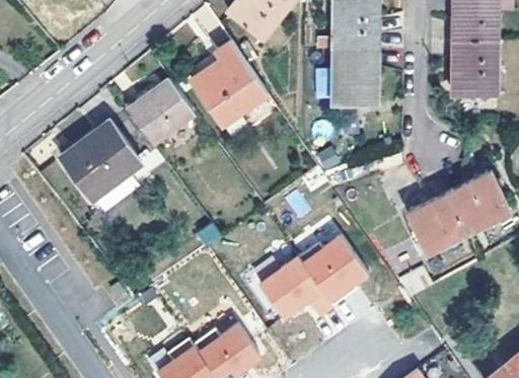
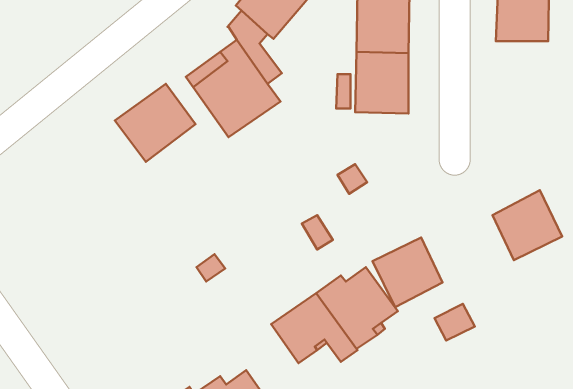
building: [450,44,496,95] -> none
building: [60,109,155,201] -> none
building: [406,193,466,252] -> [373,237,442,307]

